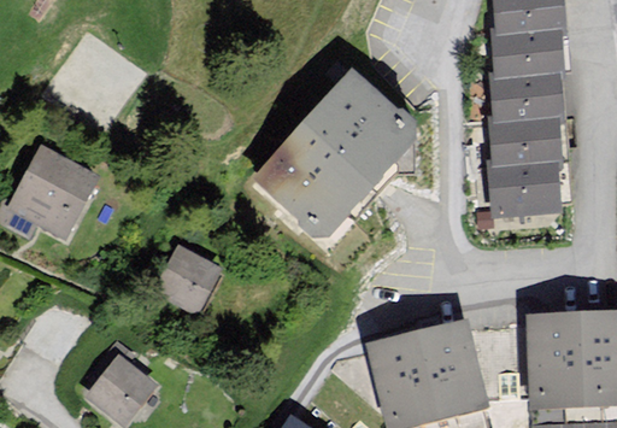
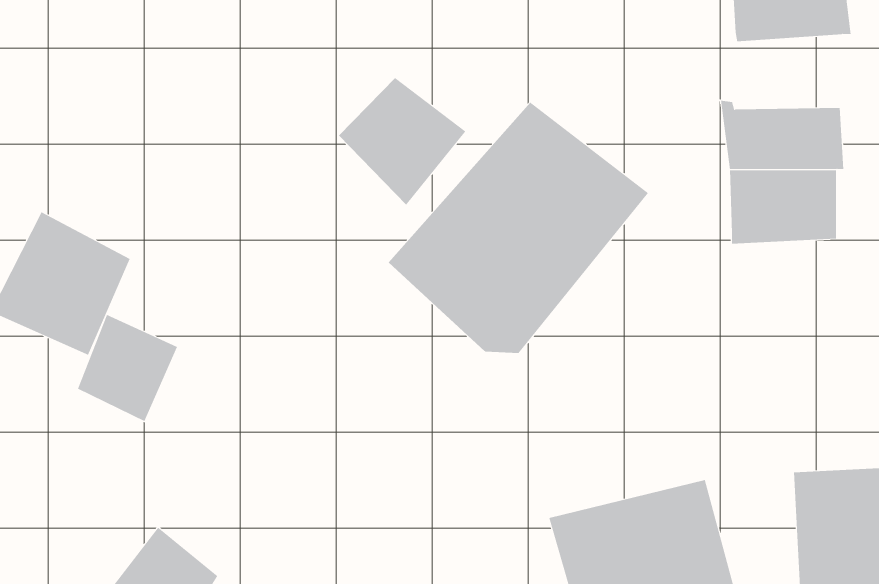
building: [484,27,568,77] -> none
building: none -> [338,77,466,205]
building: [482,158,560,218] -> none
building: [154,245,221,316] -> [77,314,178,422]

